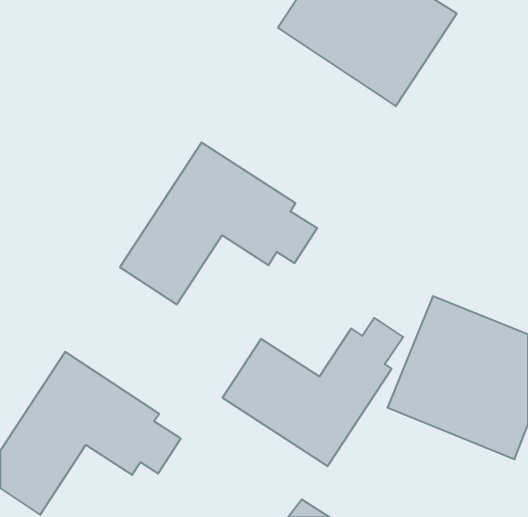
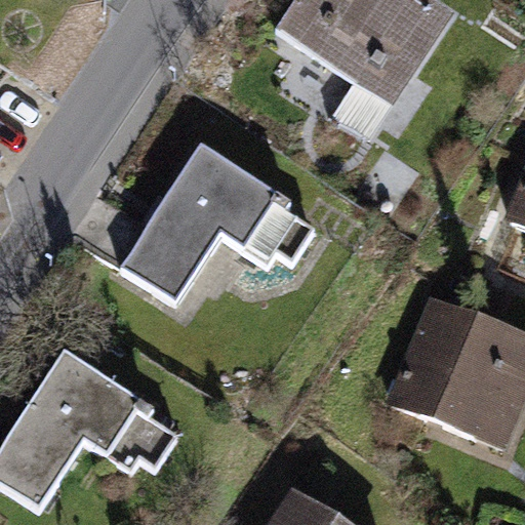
building: [223,318,403,466] -> none

